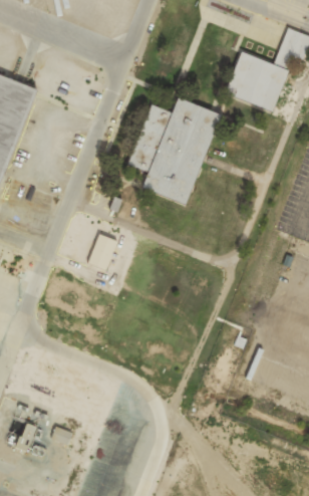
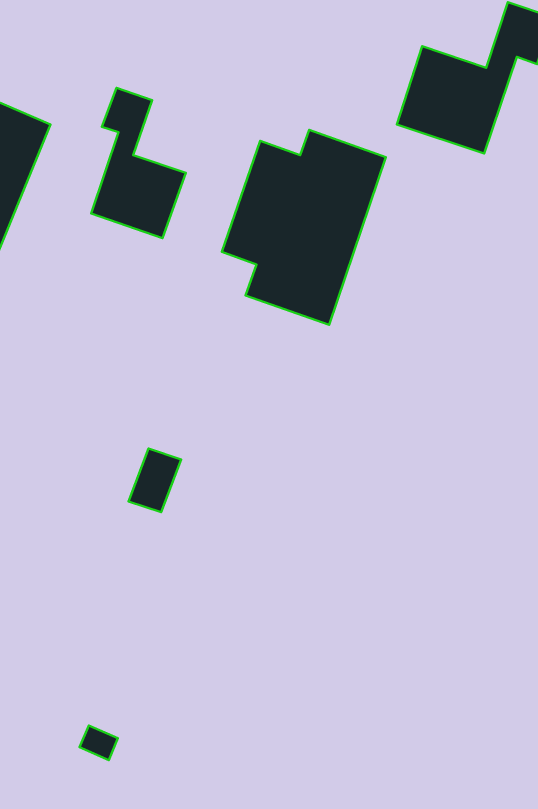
building: none -> [91,88,186,238]
building: [88,234,117,269] -> [128,449,181,512]

